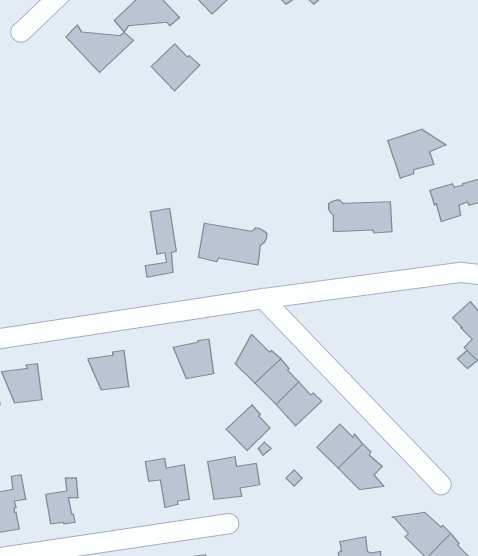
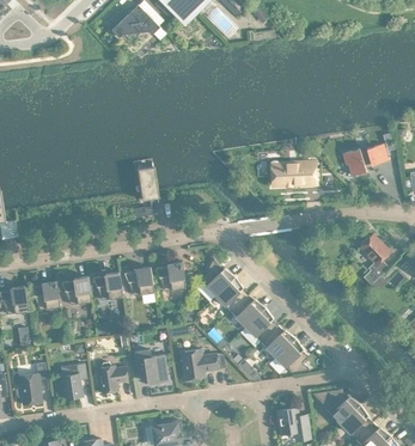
building: [66,25,133,73] -> none
building: [151,44,200,91] -> none
building: [388,129,446,178] -> none
building: [199,223,267,265] -> none
building: none -> [123,265,153,294]
building: none -> [60,275,91,304]
building: [226,405,270,451] -> [244,307,276,341]
building: none -> [97,361,127,392]

